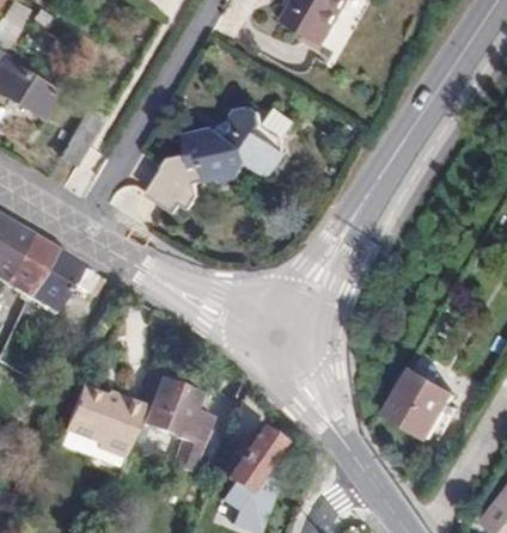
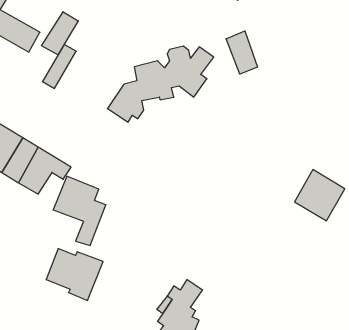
building: none -> [42,12,78,55]
building: none -> [226,31,257,74]
building: [387,367,457,437] -> [295,170,345,221]
building: [140,376,213,472] -> [53,176,106,245]

